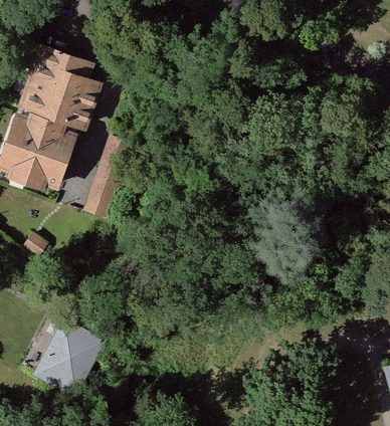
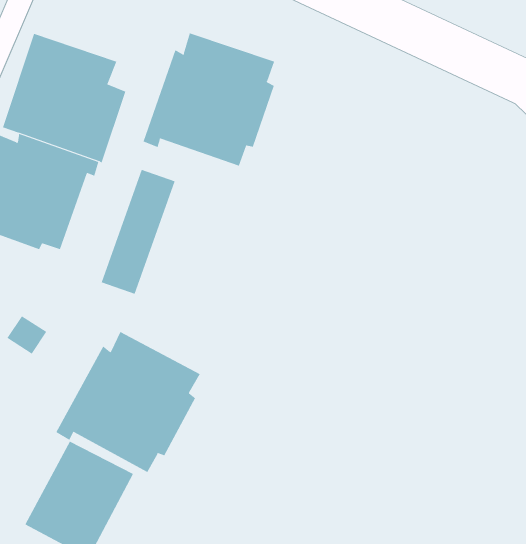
building: none -> [143,33,275,166]
building: none -> [56,331,200,473]

